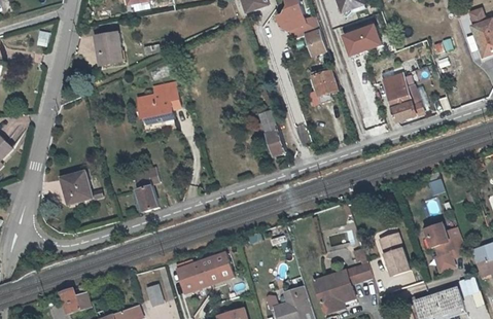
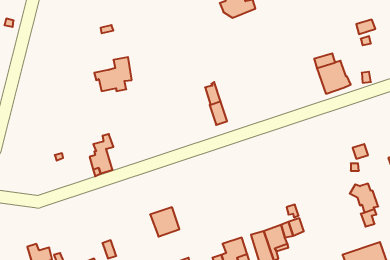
building: [344,25,384,59] -> none
building: [305,29,328,59] -> none
building: [93,33,120,65] -> none
building: [310,68,337,103] -> none
building: [64,171,91,204] -> none
building: [383,233,412,277] -> none
building: [174,257,208,290] -> none

